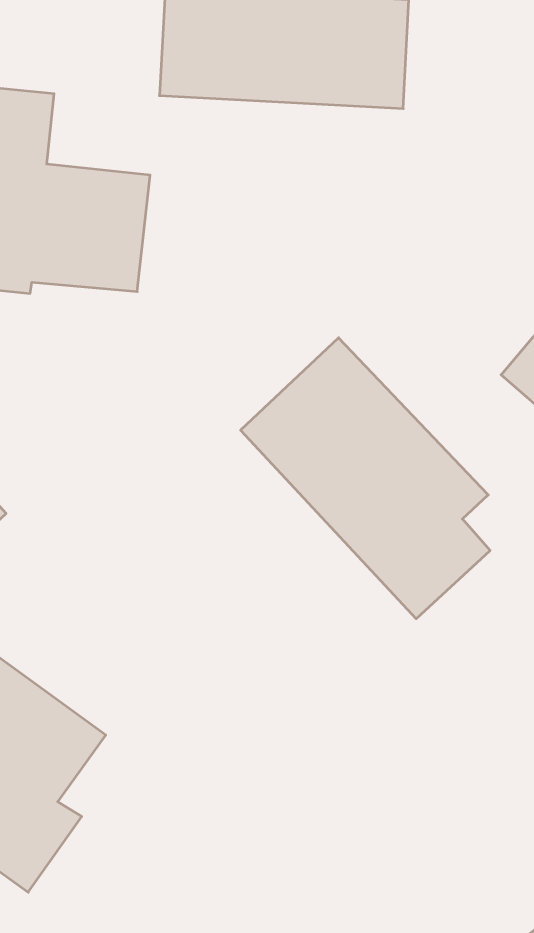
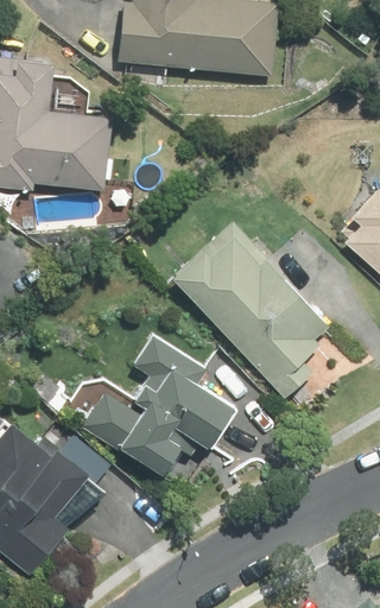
building: none -> [86,334,235,475]

